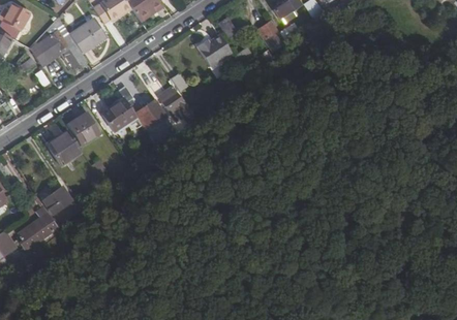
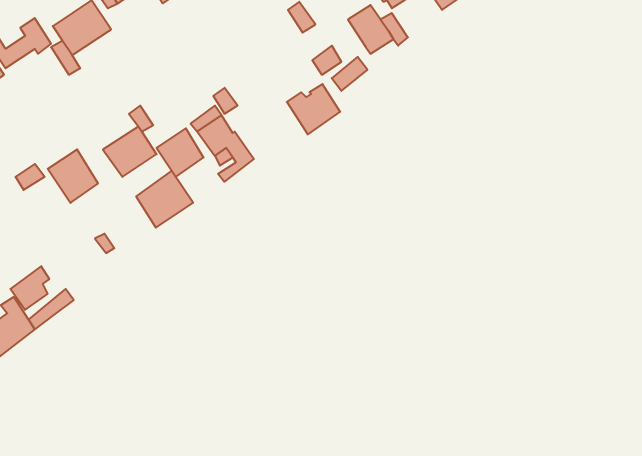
building: [197,34,232,66] -> [287,84,340,134]
building: none -> [136,171,193,228]
building: [47,130,82,166] -> none

